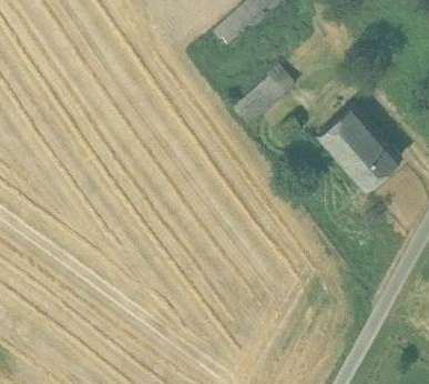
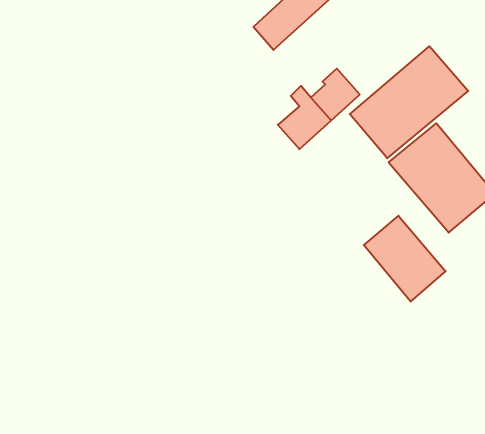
building: none -> [350,46,468,158]
building: none -> [364,216,446,302]

